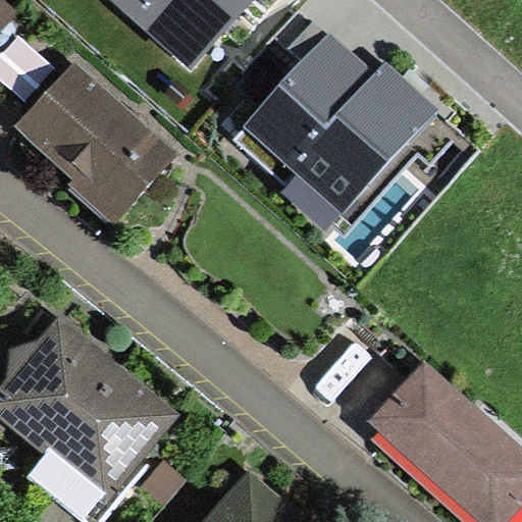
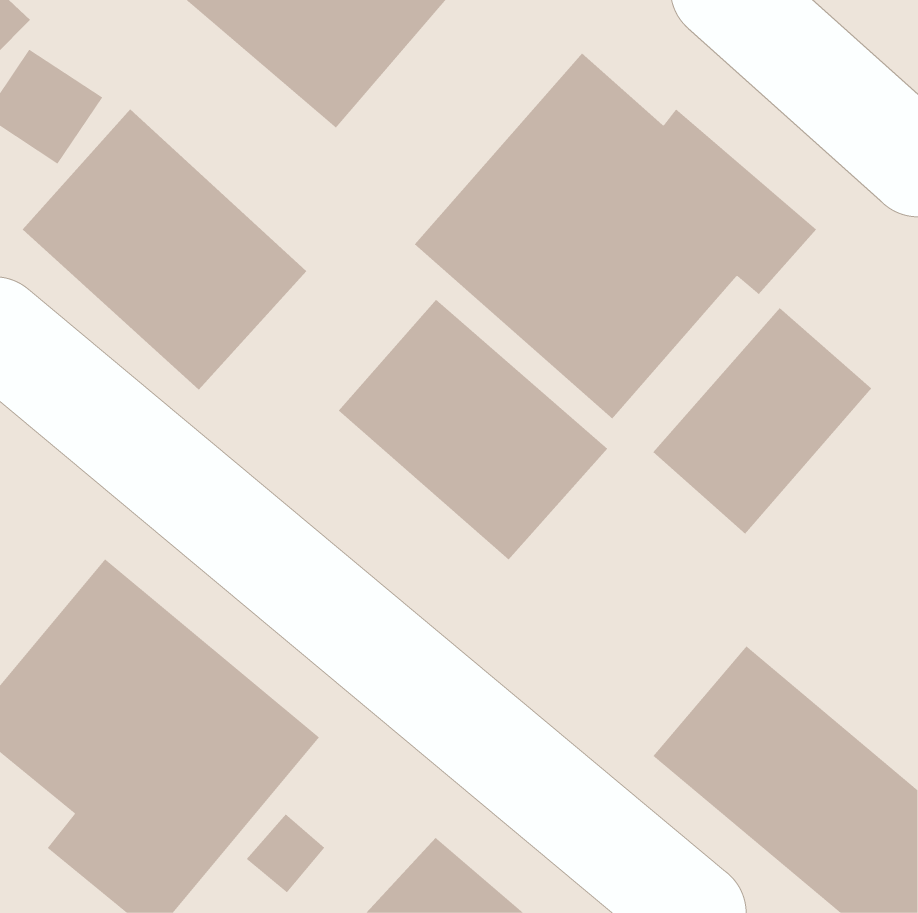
building: none -> [338,299,608,561]
building: none -> [653,307,872,535]

